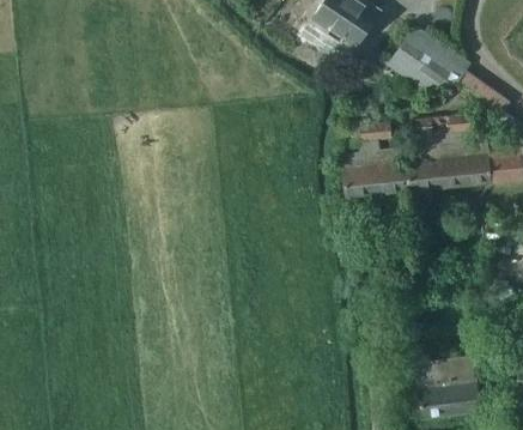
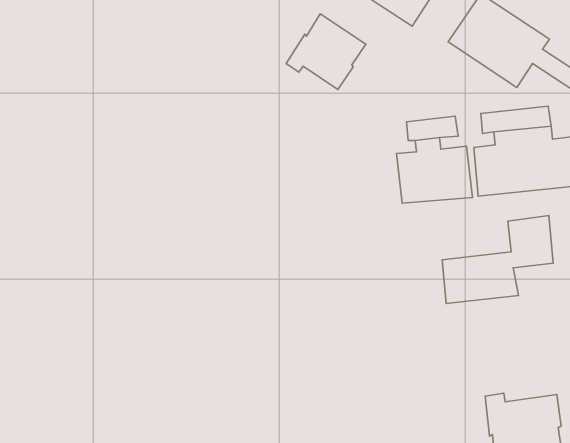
building: none -> [286,14,366,90]
building: none -> [442,216,553,304]

